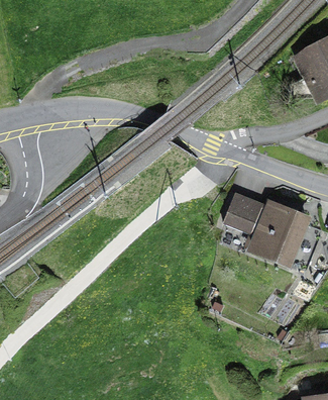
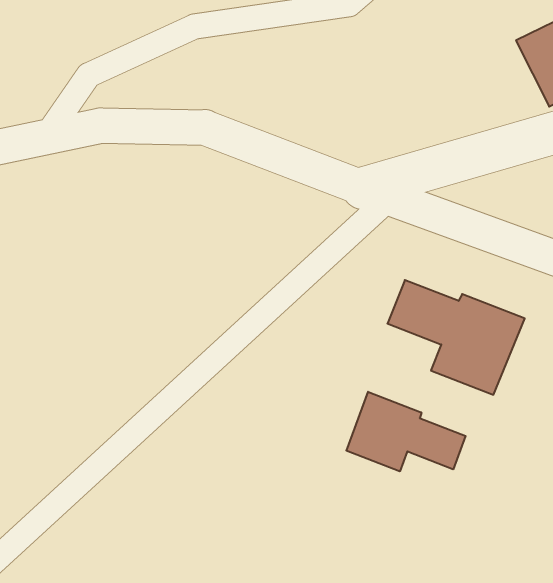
building: none -> [346,392,466,471]

